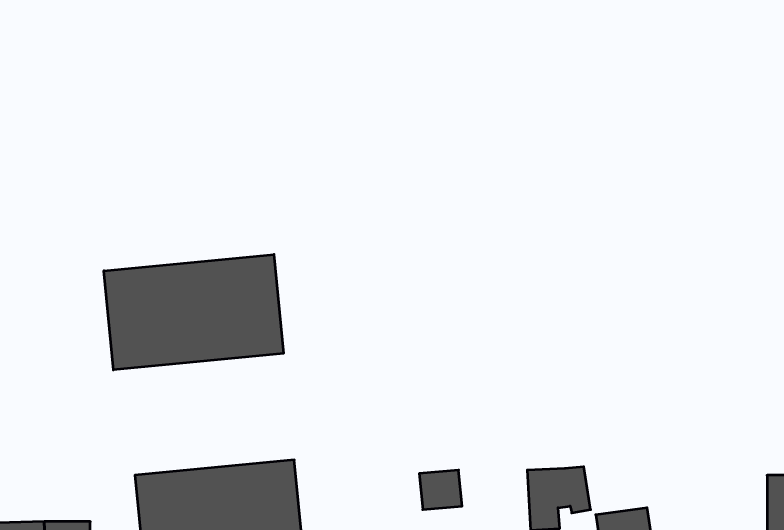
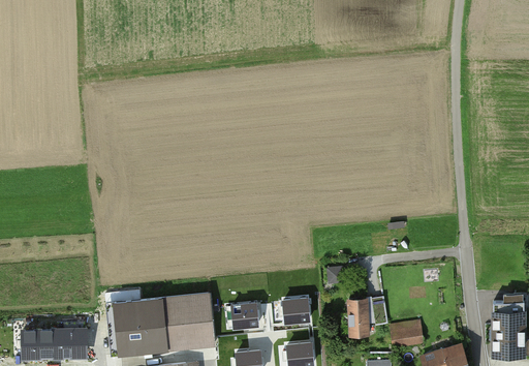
building: [104,254,283,370] -> none
building: none -> [231,303,257,328]

